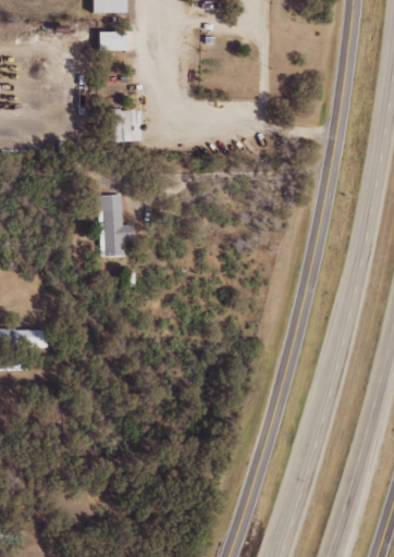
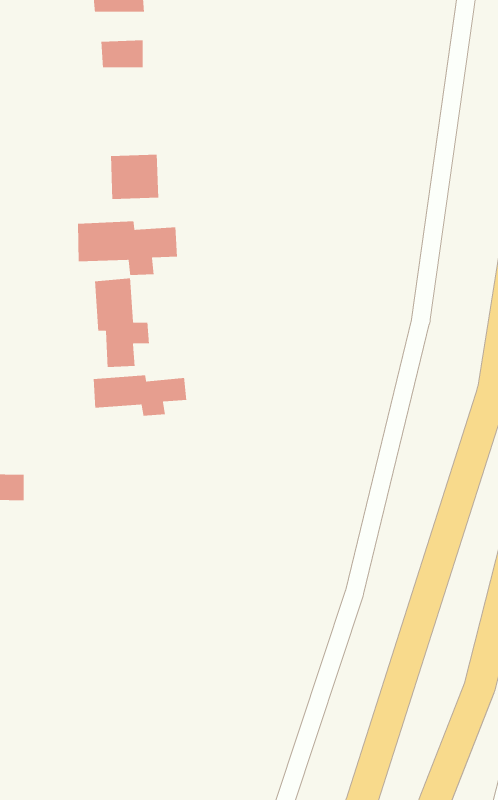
building: none -> [77,221,178,276]
building: none -> [93,374,187,417]

